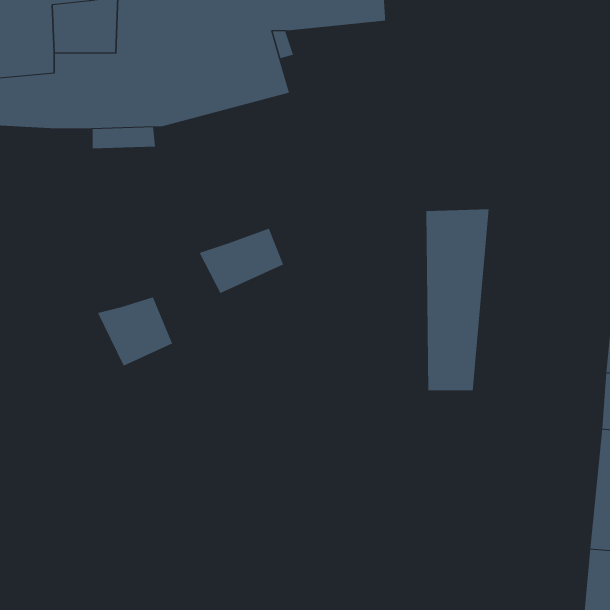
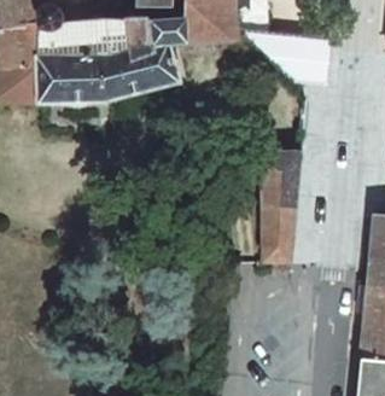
building: [199,228,284,294] -> none
building: [97,297,173,366] -> none

